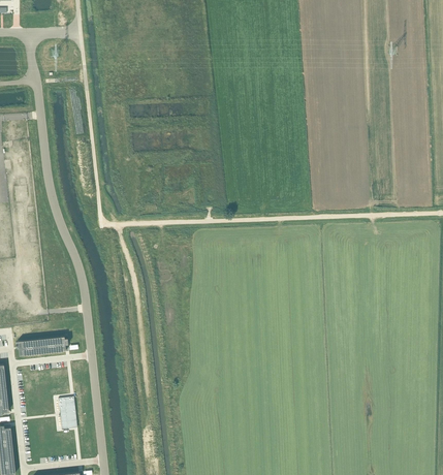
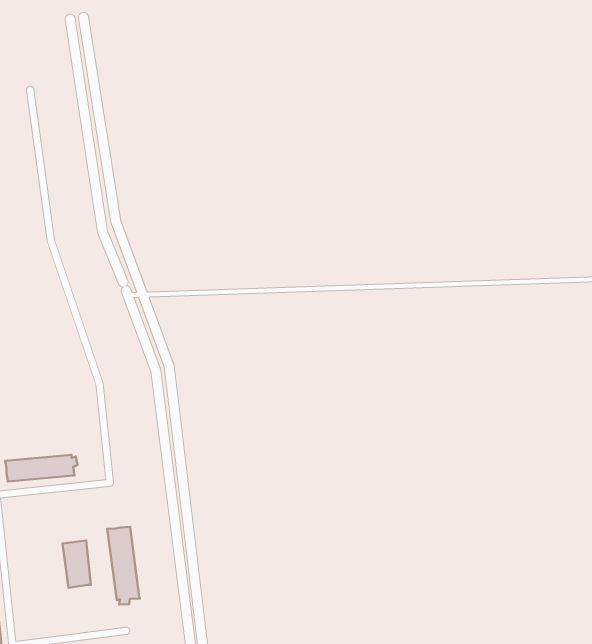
building: none -> [107,527,140,605]

